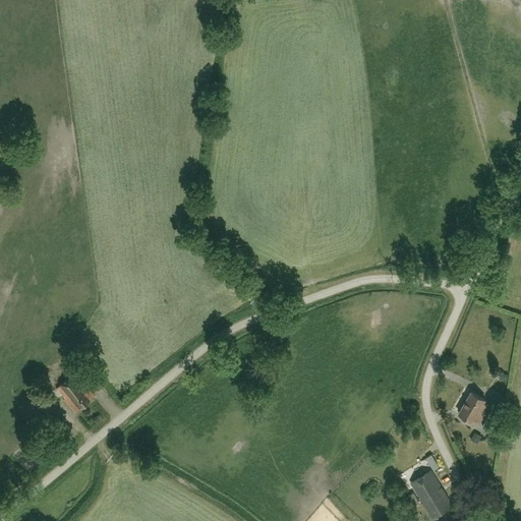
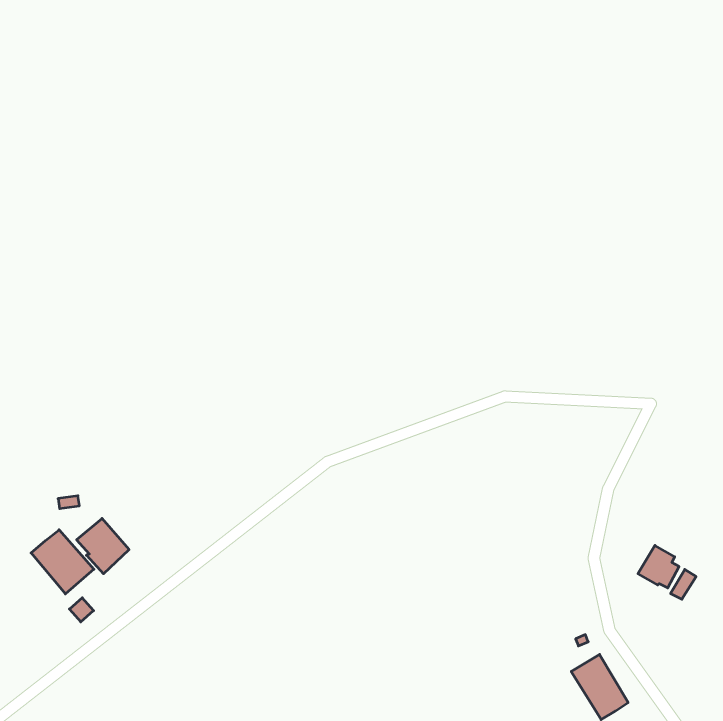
building: none -> [31,530,94,594]

